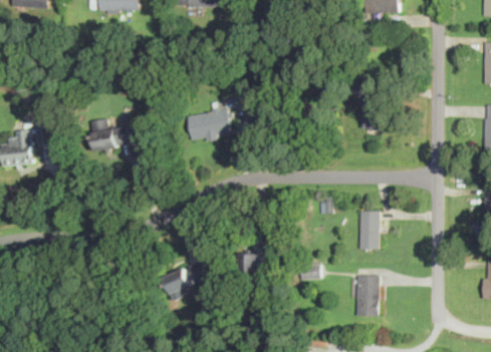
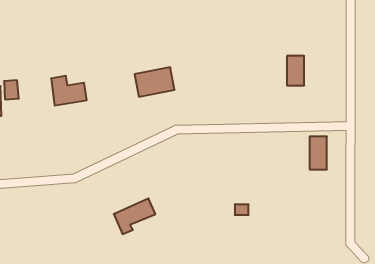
building: [359,211,380,249] -> [310,136,327,169]
building: [241,254,261,277] -> none
building: [357,275,380,316] -> none

